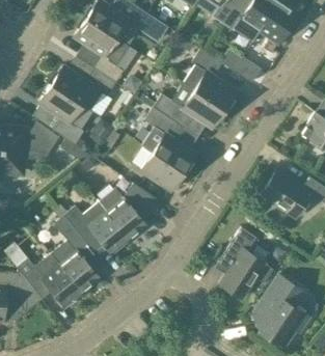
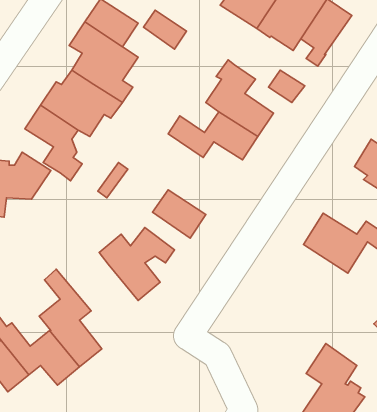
building: [142,108,195,172] -> none
building: [63,202,129,255] -> none
building: [219,228,274,299] -> none

